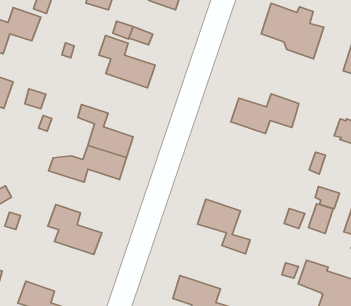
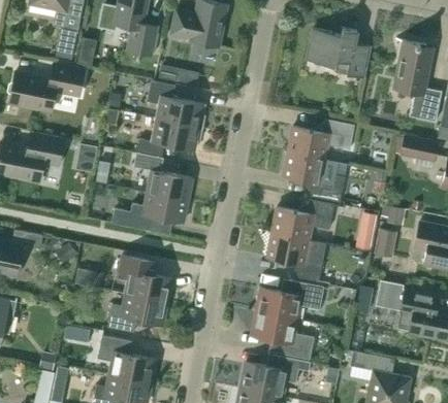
building: none -> [137,119,200,157]
building: none -> [283,152,345,201]
building: none -> [273,200,334,239]
building: none -> [108,293,167,332]
building: none -> [256,278,324,320]

